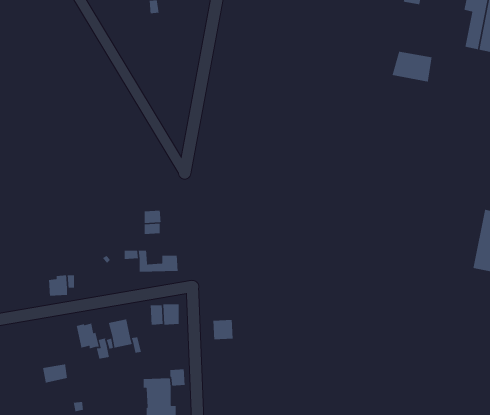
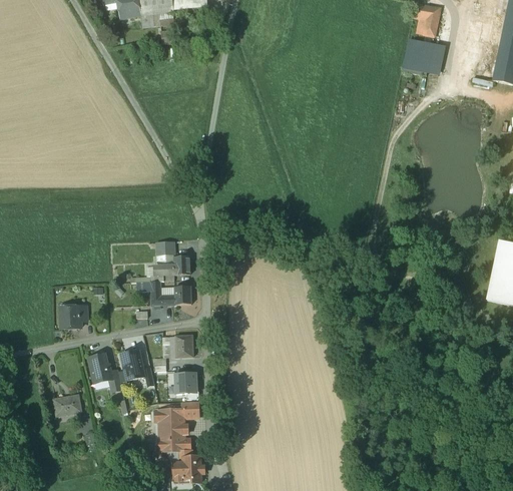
building: [392,51,432,83] -> [404,40,445,72]
building: none -> [154,256,191,275]
building: [212,319,233,340] -> [176,372,197,393]

